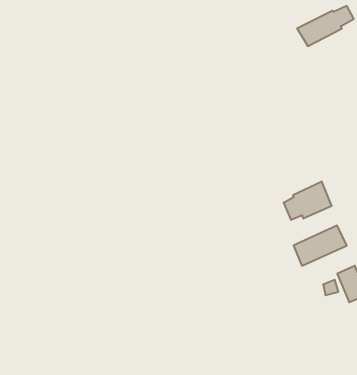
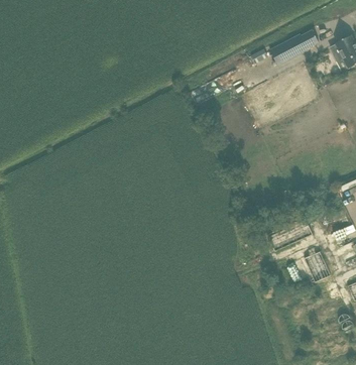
building: [284,181,332,220] -> none

